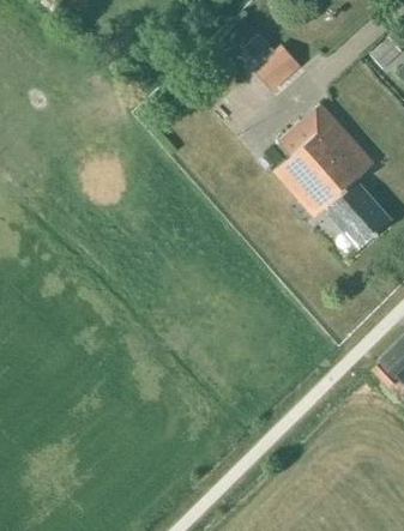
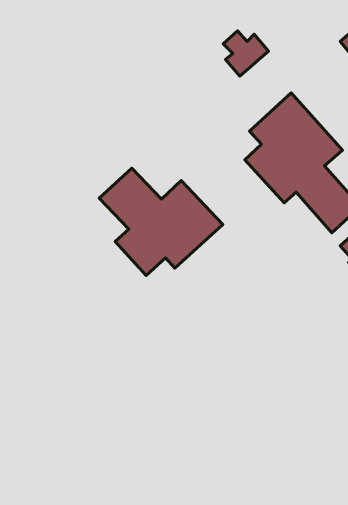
building: none -> [99,168,223,276]

